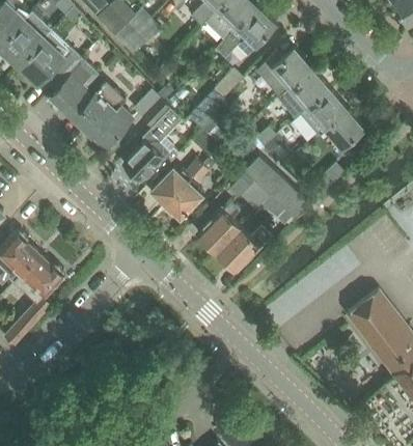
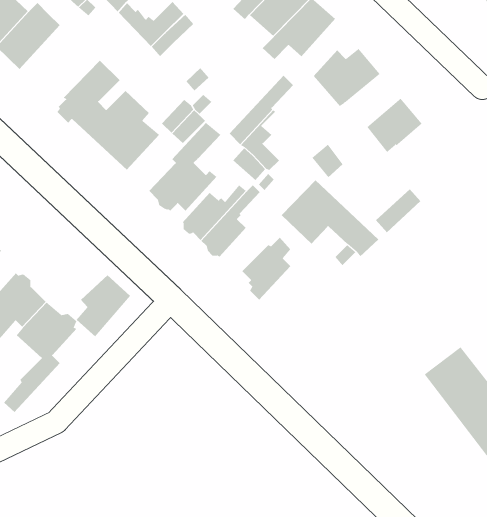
building: [18,30,83,89] -> none
building: [282,69,328,114] -> none
building: [324,110,363,155] -> none
building: [213,226,271,270] -> none
building: none -> [76,274,131,337]

